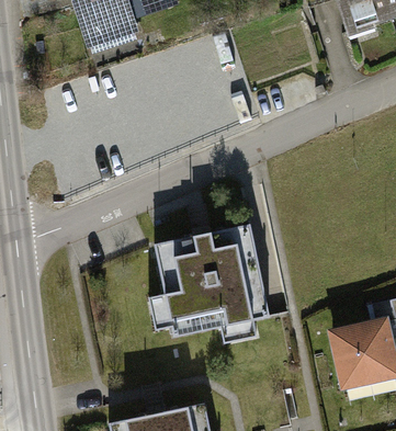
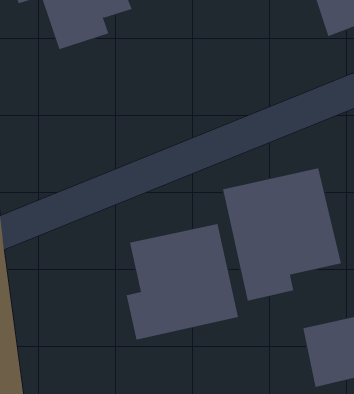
building: none -> [223,167,341,301]

